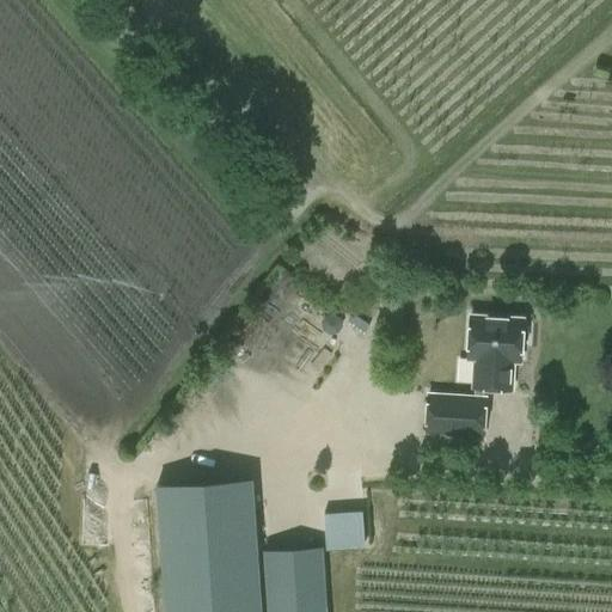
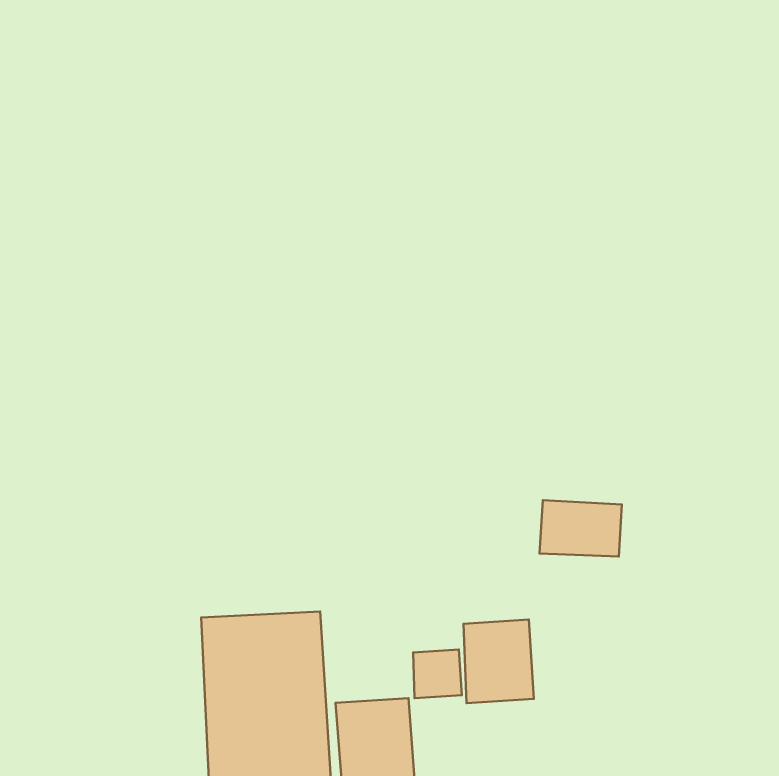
building: [467,318,522,390] -> none
building: none -> [463,619,534,703]

